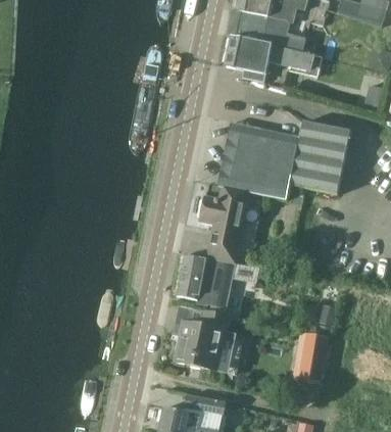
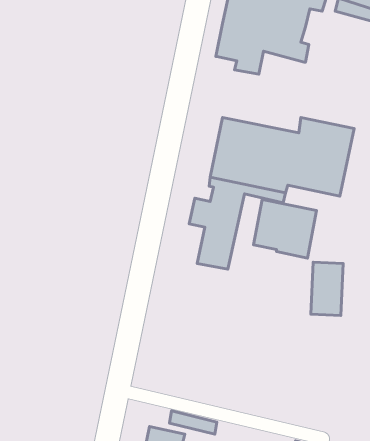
building: [178,254,236,308] -> [253,200,316,258]
building: [174,310,255,372] -> none
building: [296,330,326,379] -> [311,262,343,315]

